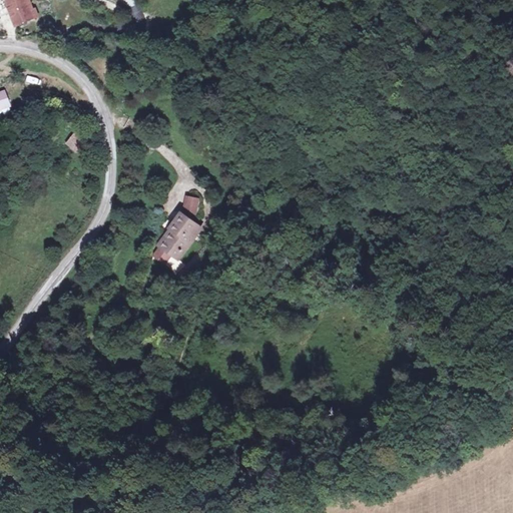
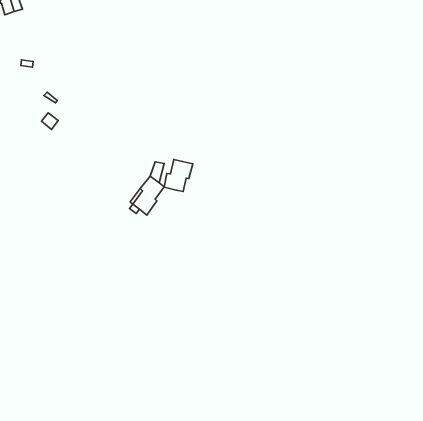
building: none -> [164,159,193,192]

